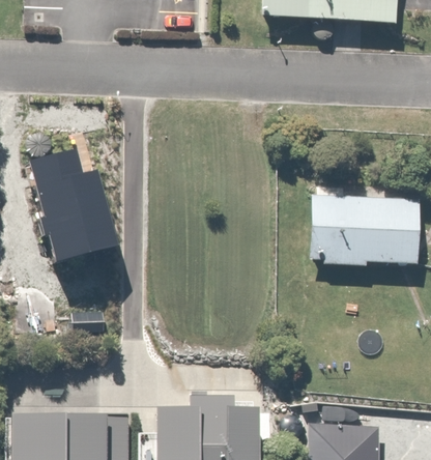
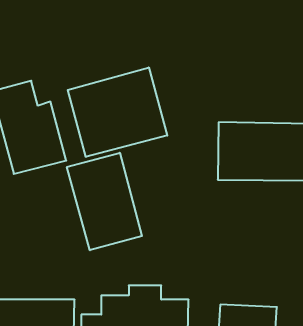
building: none -> [68,67,167,157]
building: none -> [67,153,142,250]

